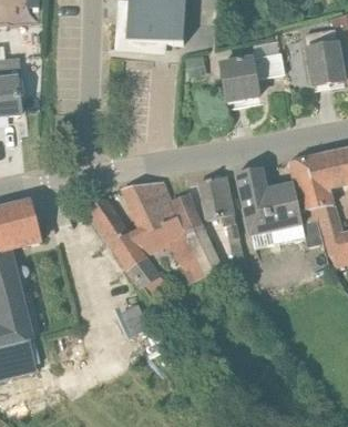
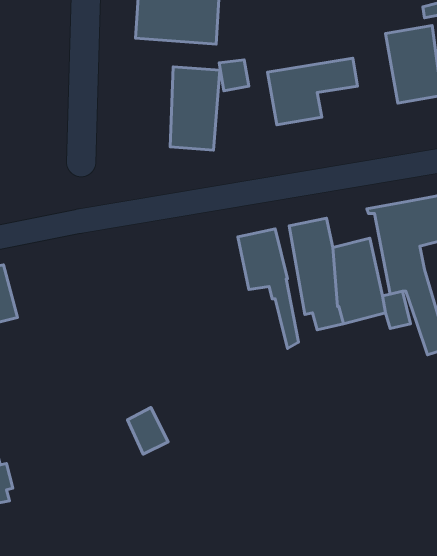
building: none -> [170,67,220,150]
building: [88,181,222,293] -> none

